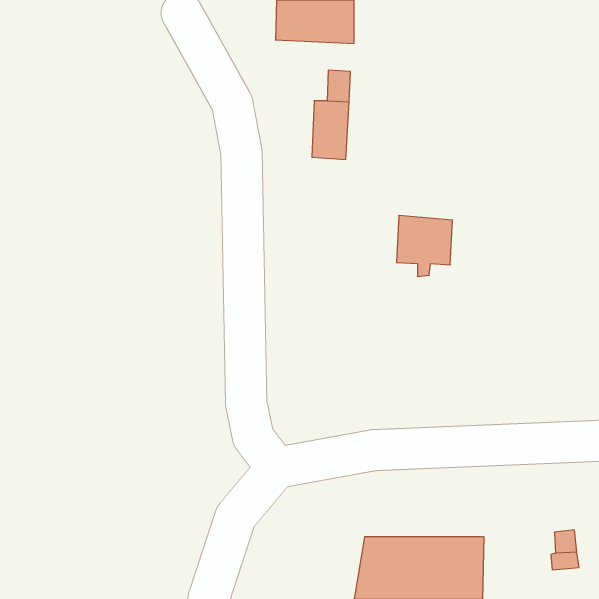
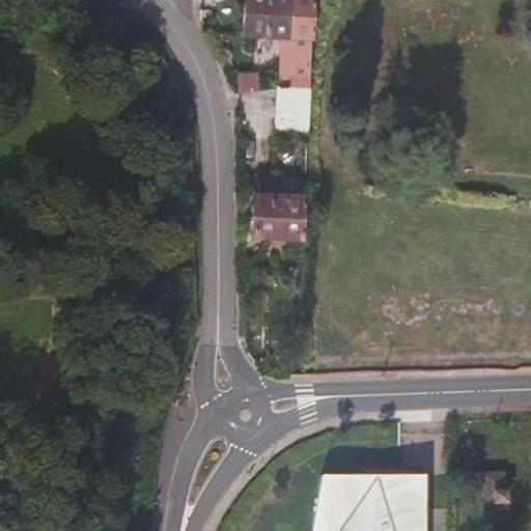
building: [396,215,453,276] -> [253,194,303,248]

